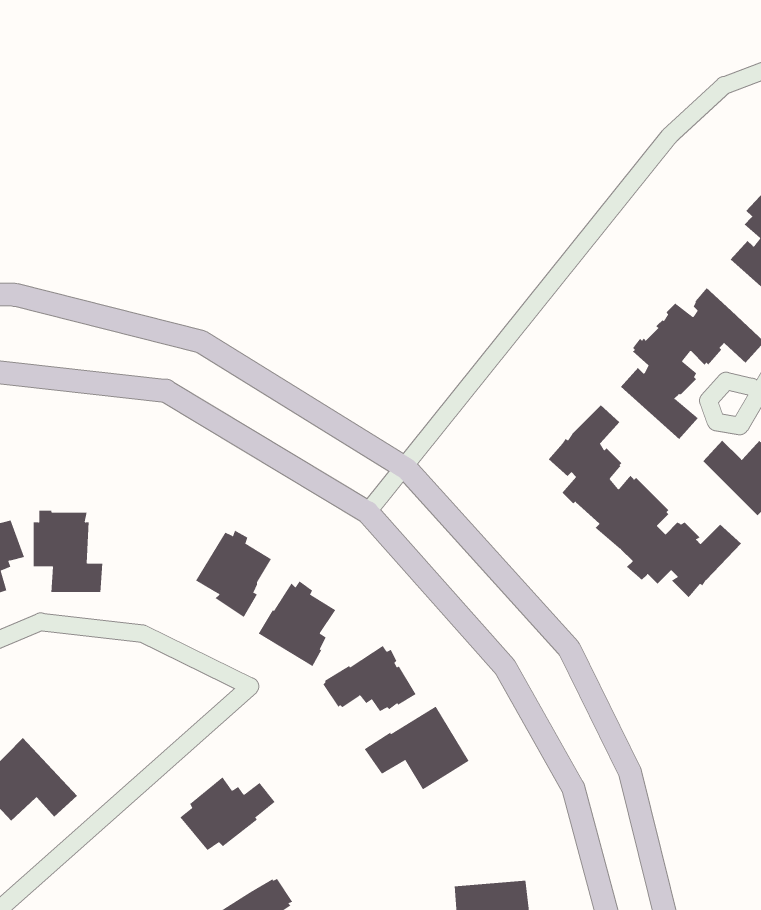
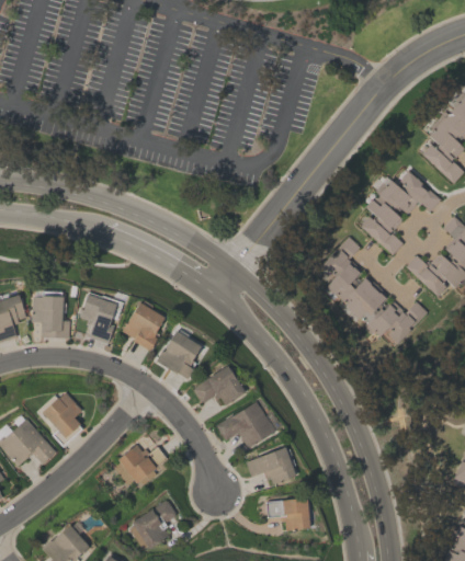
building: none -> [79,294,123,344]
building: none -> [38,394,82,446]
building: none -> [247,448,296,485]

